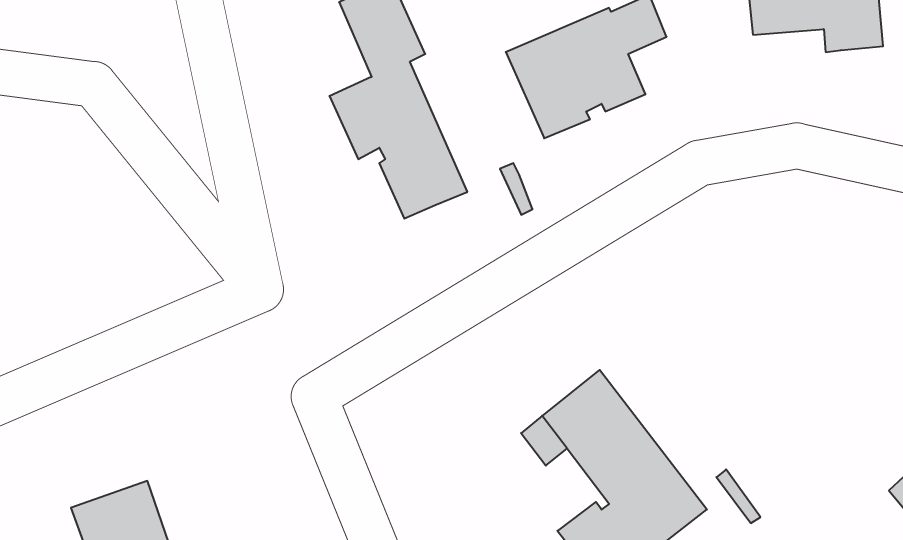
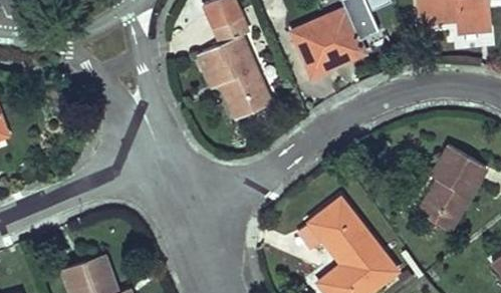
building: none -> [418,145,486,230]

